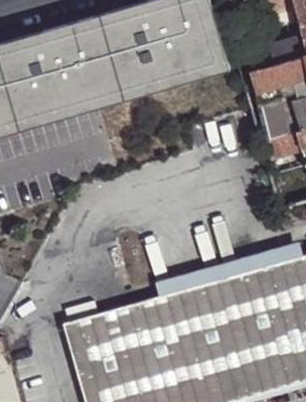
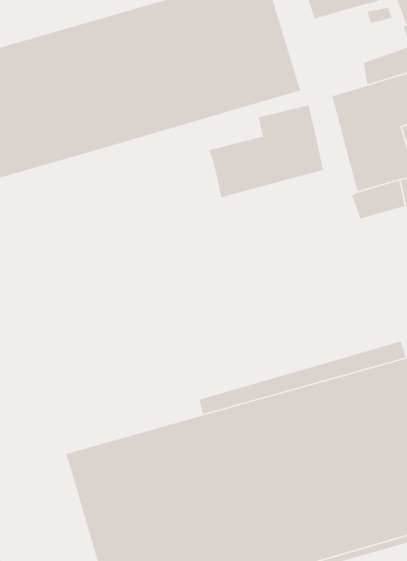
building: none -> [208,104,325,198]

